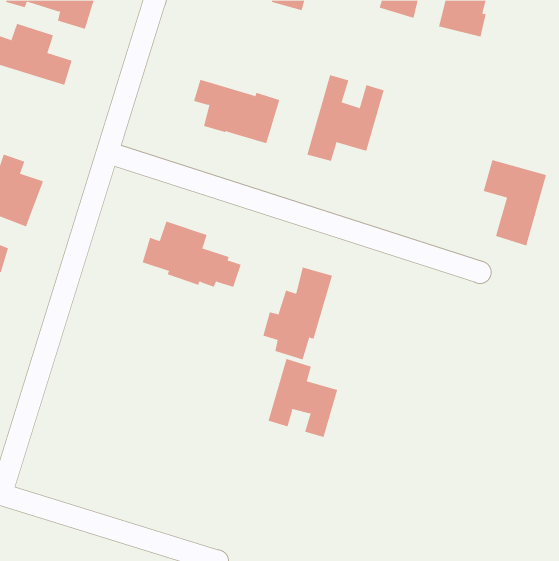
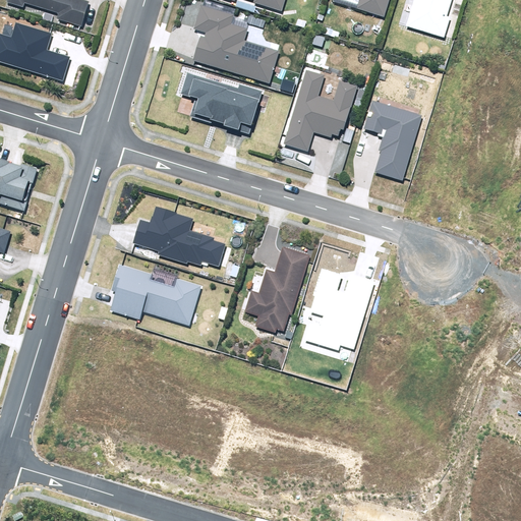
building: none -> [190,4,278,83]
building: [483,159,547,246] -> [361,100,420,180]
building: none -> [107,263,200,328]
building: [268,358,338,438] -> none

